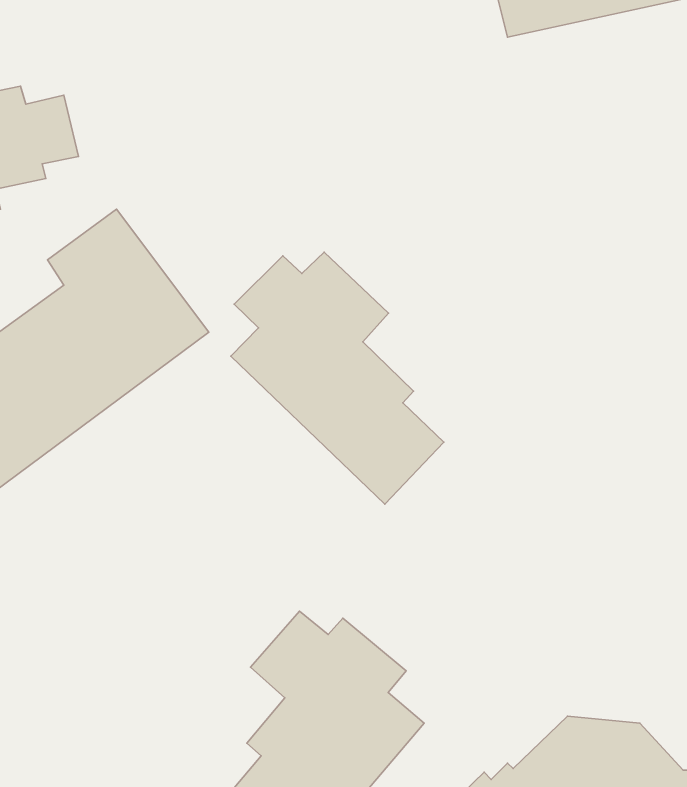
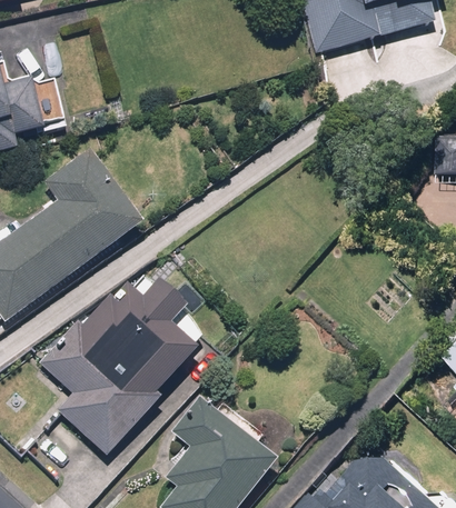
building: [231,252,444,504] -> none
building: none -> [32,272,202,459]

